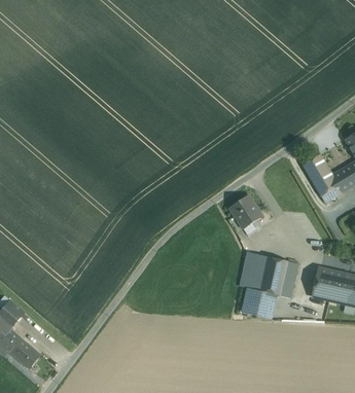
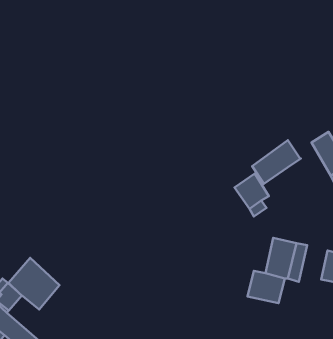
building: none -> [252,140,301,184]
building: [239,252,265,290] -> none
building: none -> [9,258,59,309]

